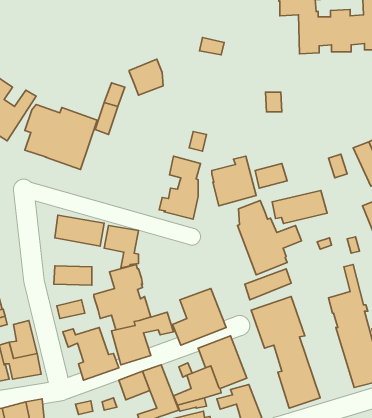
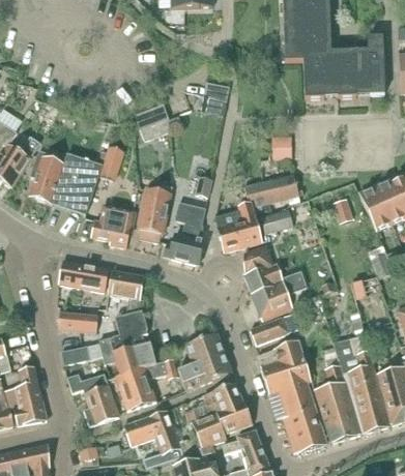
building: none -> [138,183,174,241]
building: none -> [92,203,134,246]
building: [272,191,327,224] -> [243,173,298,206]
building: none -> [315,358,359,442]

